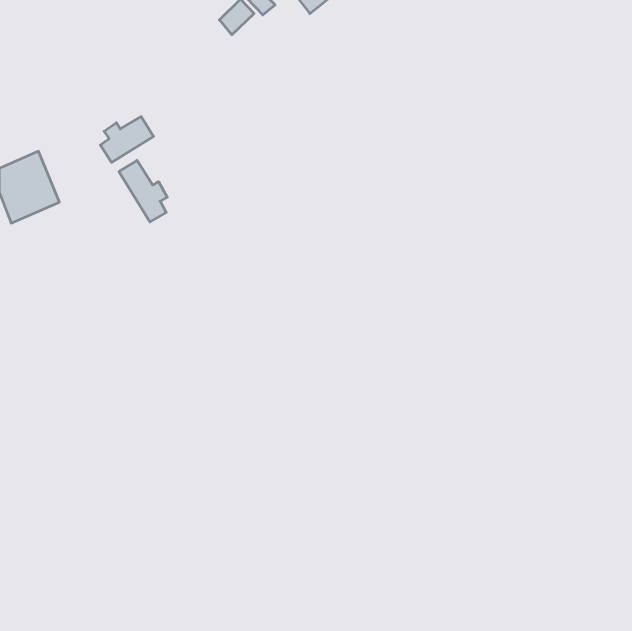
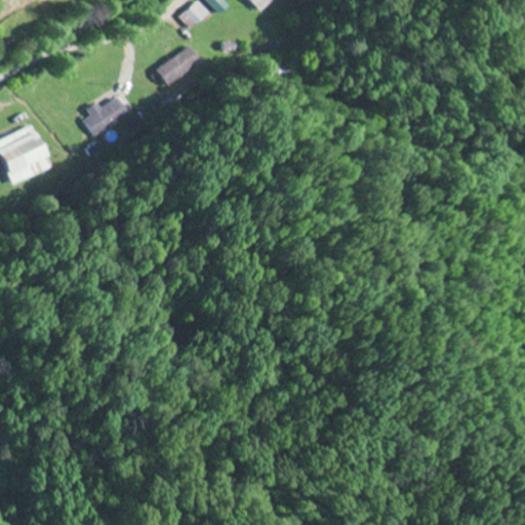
building: none -> [156,46,201,85]
building: [119,160,167,222] -> none

